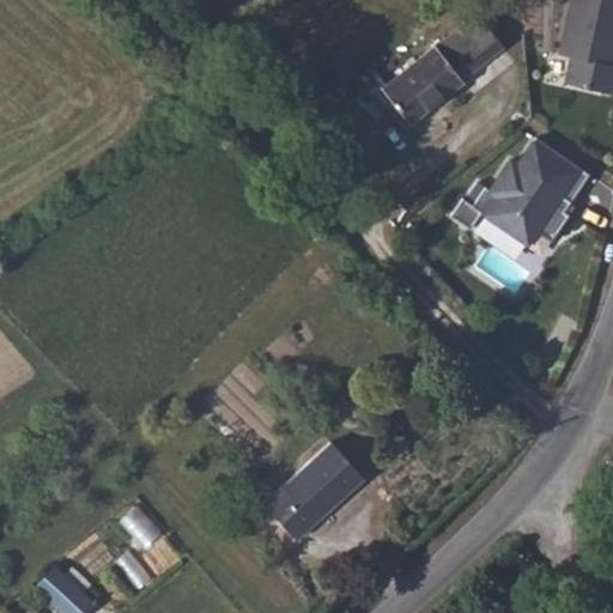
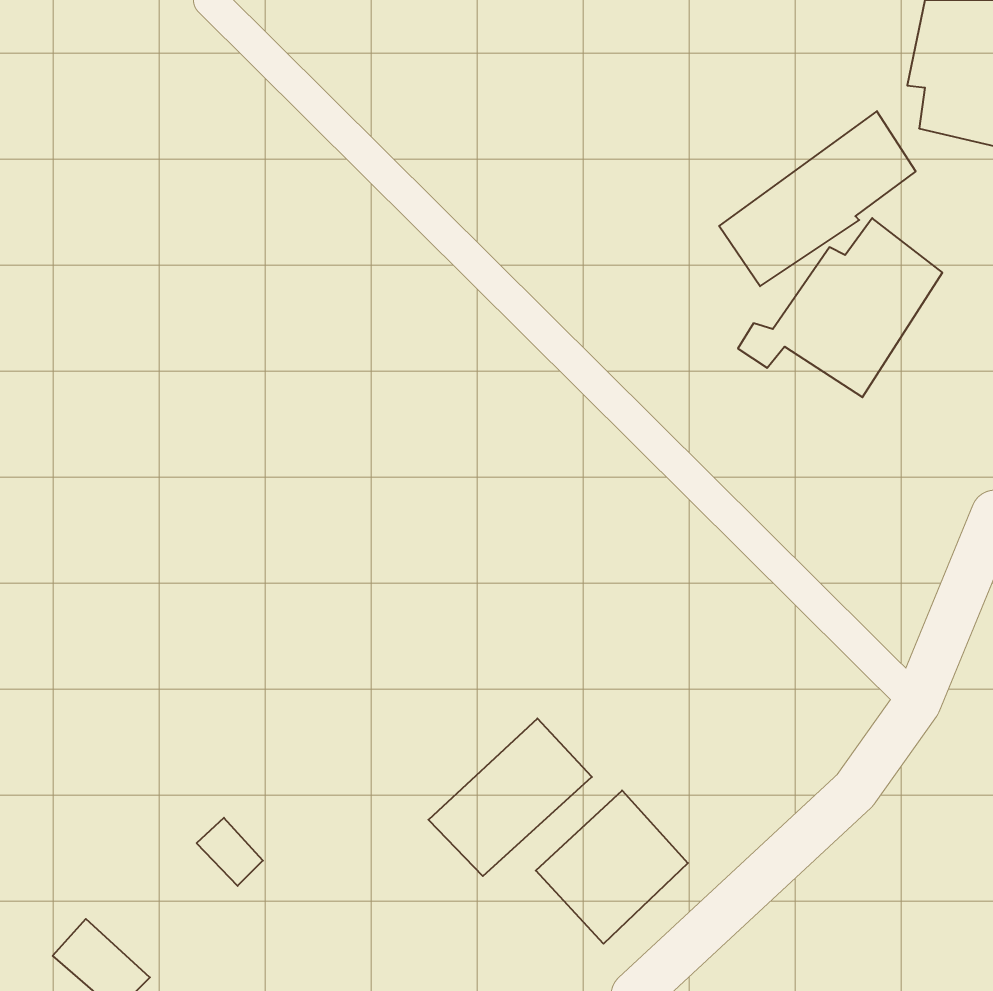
building: [386,16,506,123] -> [719,111,916,286]
building: none -> [536,790,688,944]

